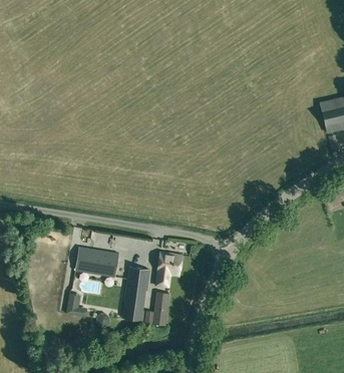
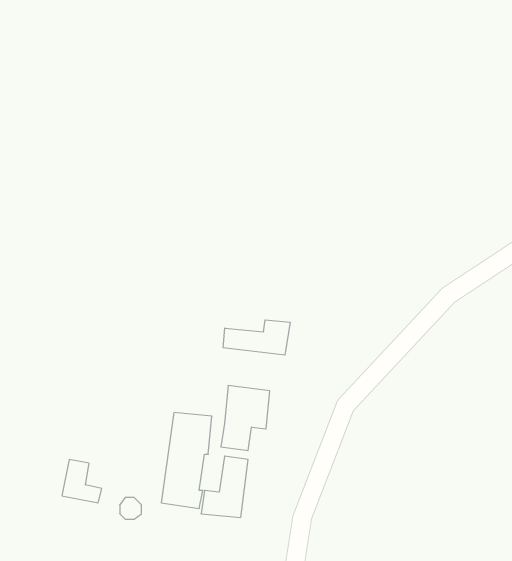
building: none -> [223,320,290,355]
building: [75,246,119,278] -> none

